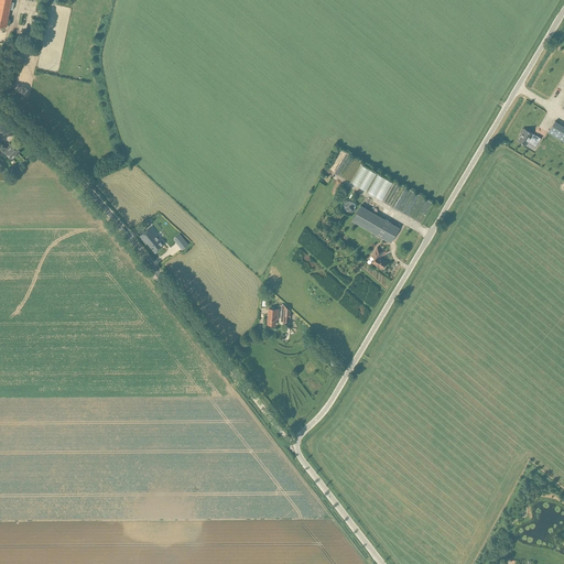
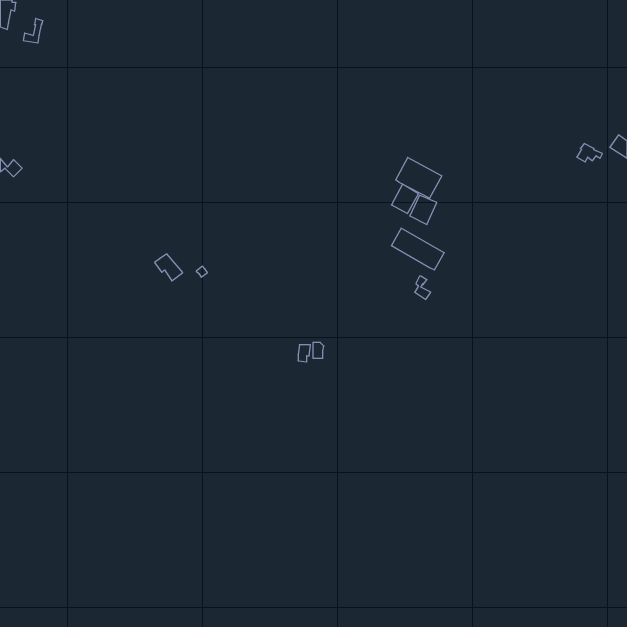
building: none -> [396,157,442,198]

